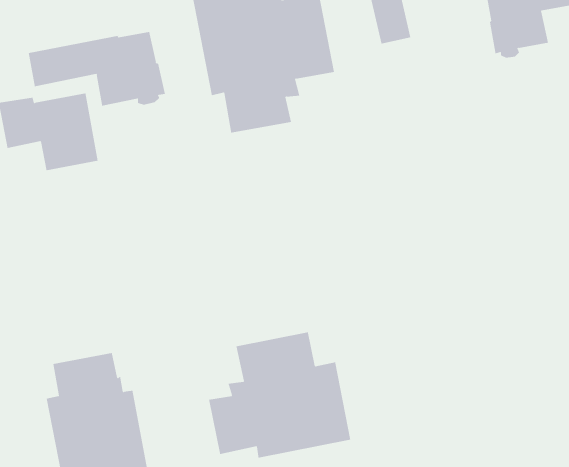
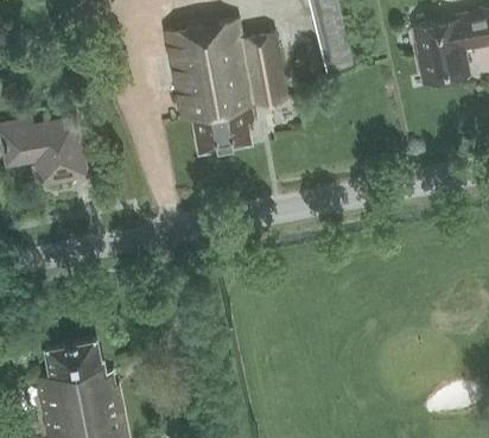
building: [28,31,165,106] -> none
building: [208,332,351,458] -> none

